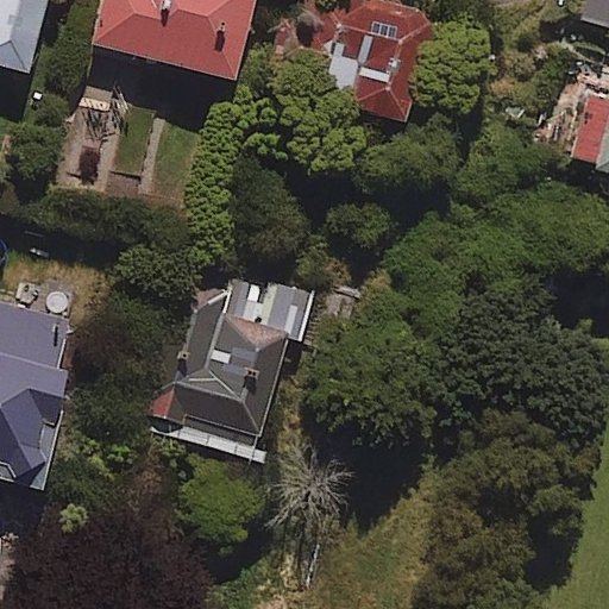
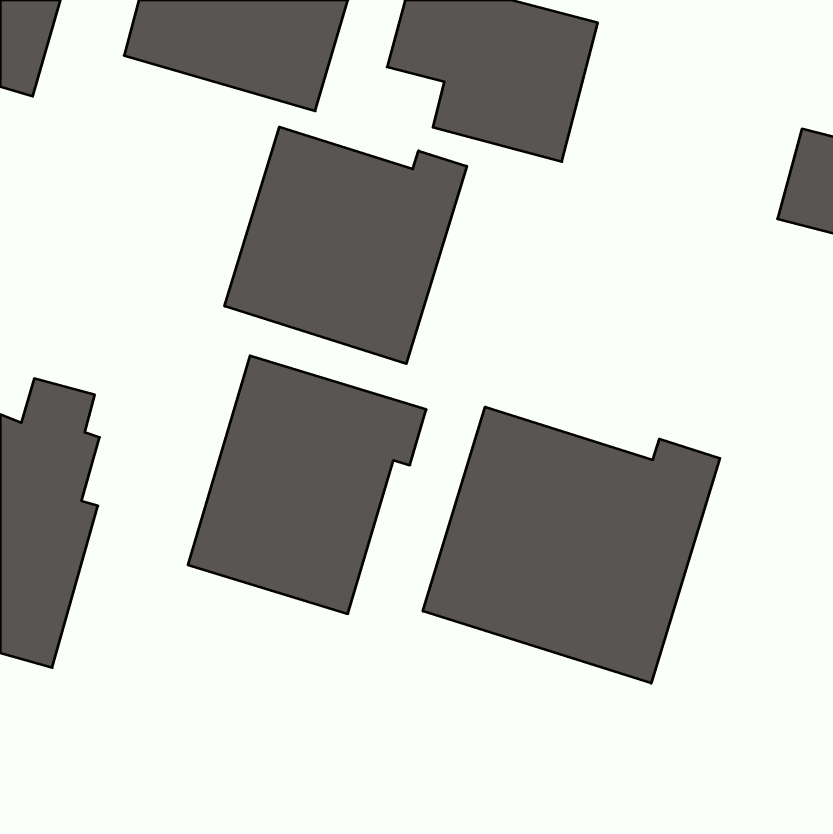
building: none -> [225,127,467,364]
building: none -> [423,407,720,683]

